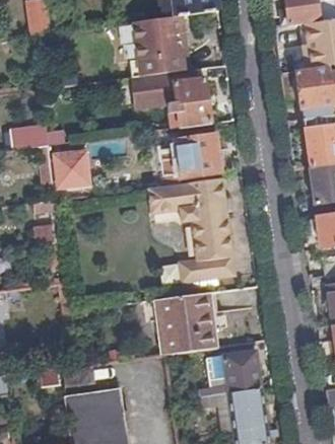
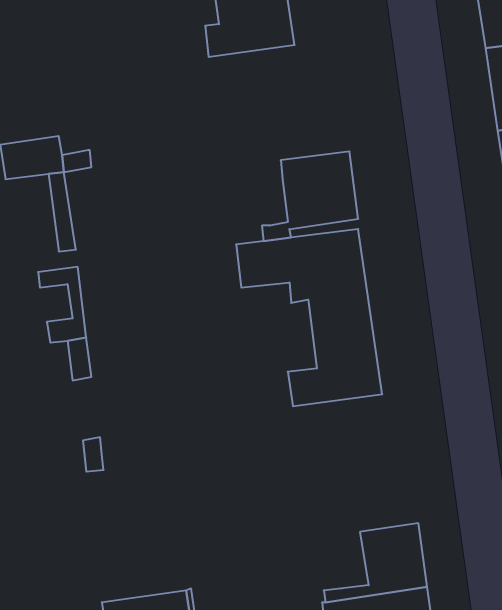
building: [132,68,210,127] -> none
building: [54,152,88,187] -> none
building: [154,293,214,355] -> none

